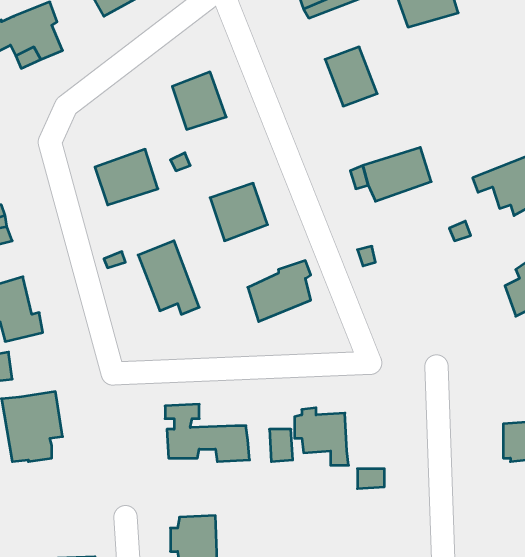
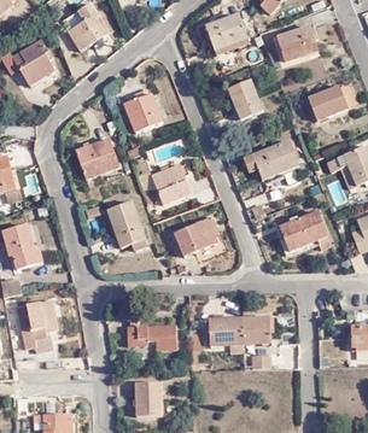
building: none -> [309,83,349,117]
building: none -> [279,206,332,248]
building: none -> [243,315,275,351]

